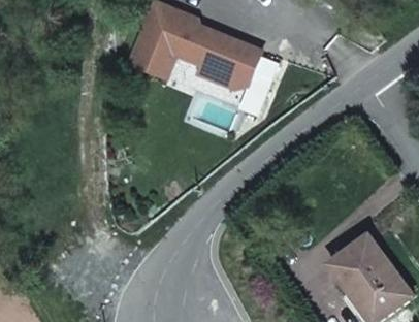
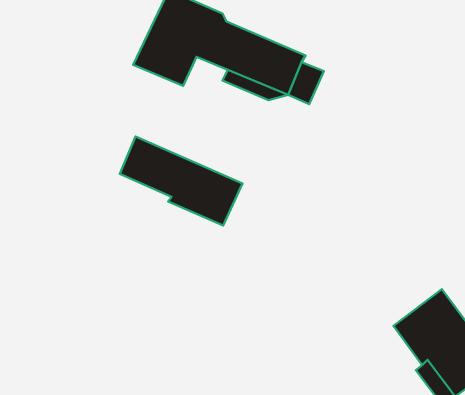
building: none -> [120,137,243,225]

